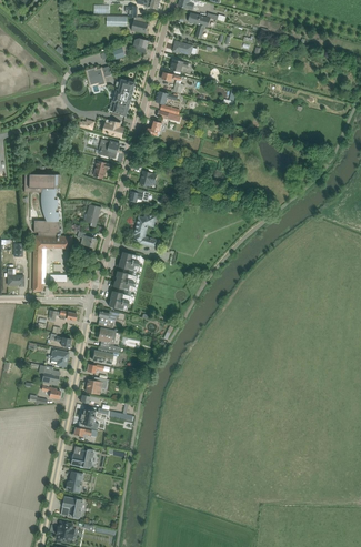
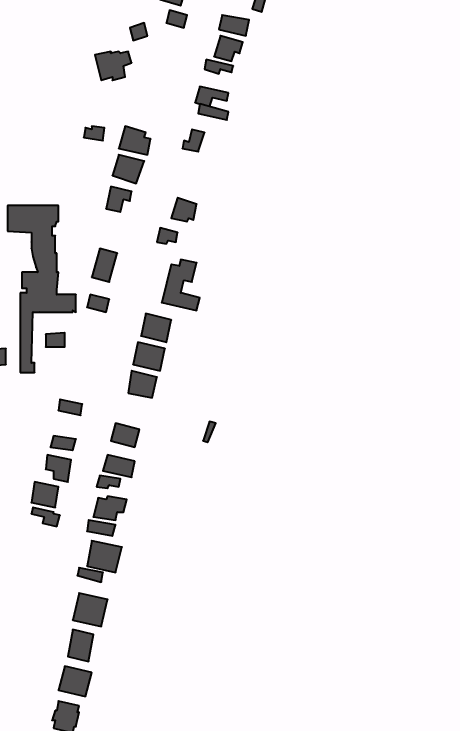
building: [110,79,136,115] -> none

